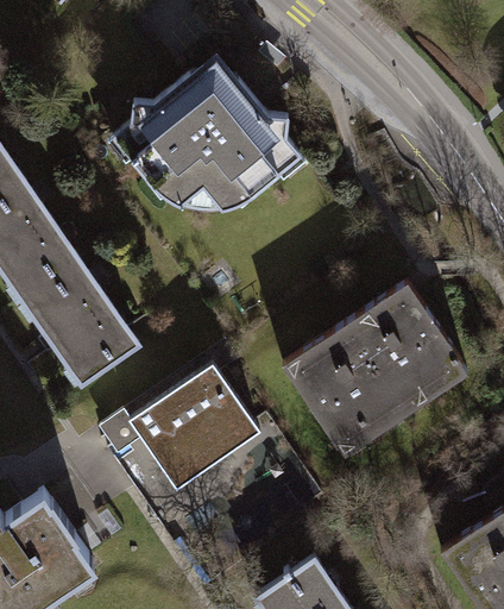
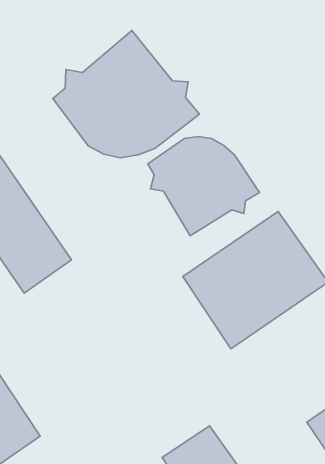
building: none -> [148,137,260,236]
building: [97,362,258,489] -> none

